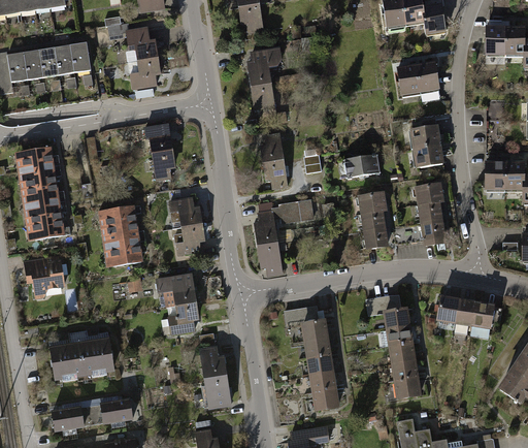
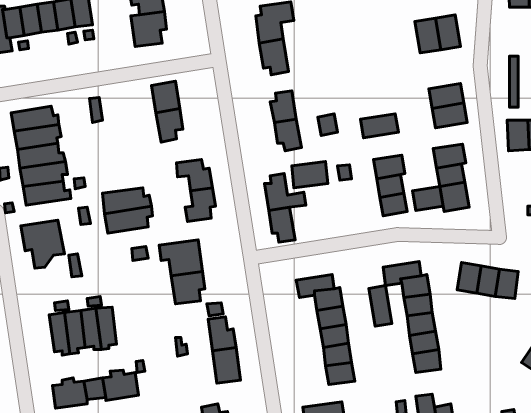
building: [97,204,141,229] -> none
building: none -> [369,285,392,326]

